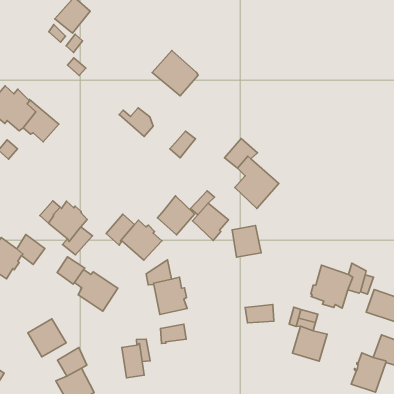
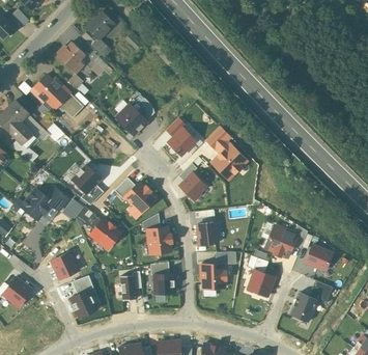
building: none -> [57,43,86,76]
building: [152,51,198,96] -> [114,103,148,137]
building: [157,196,195,235] -> [168,128,196,157]
building: [232,225,261,257] -> [197,223,218,246]
building: none -> [200,265,226,289]
building: none -> [153,274,174,295]

